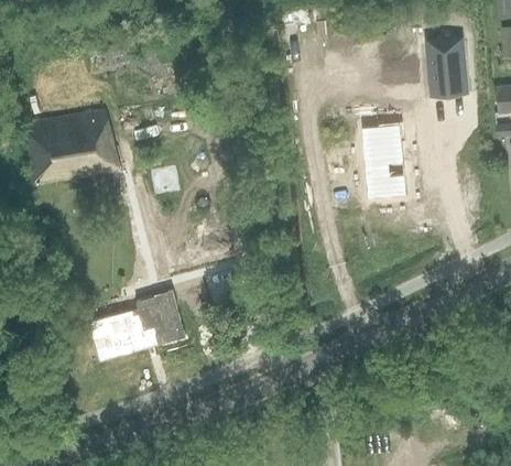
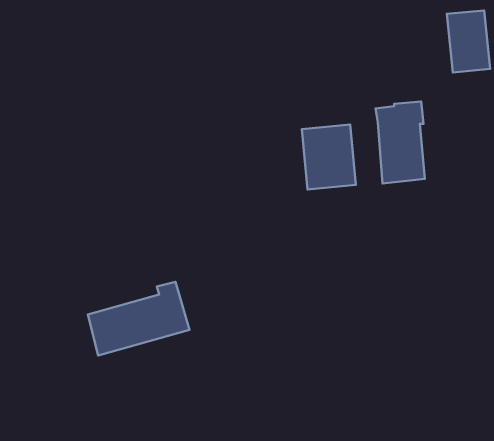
building: [25,108,119,181] -> none
building: none -> [302,124,356,190]

